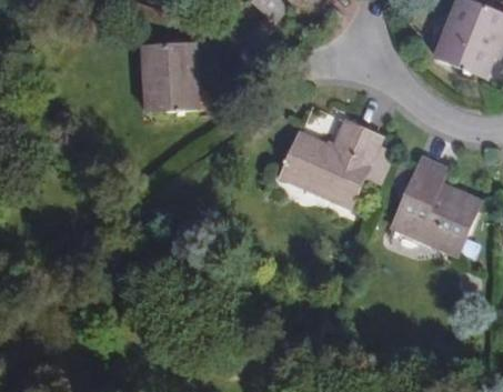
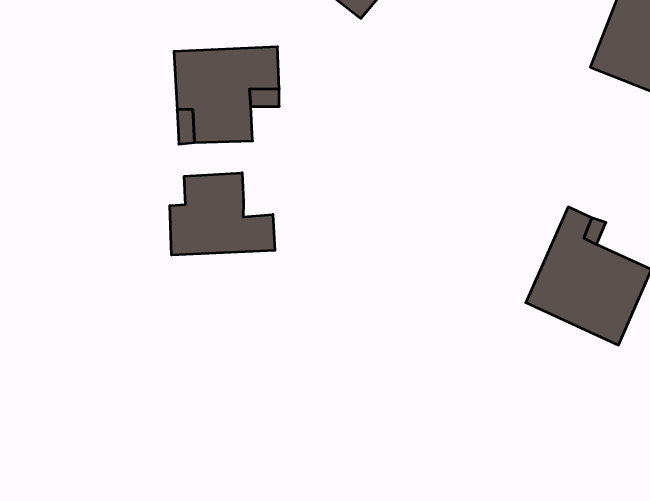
building: [281,119,399,204] -> none
building: none -> [170,173,275,255]

